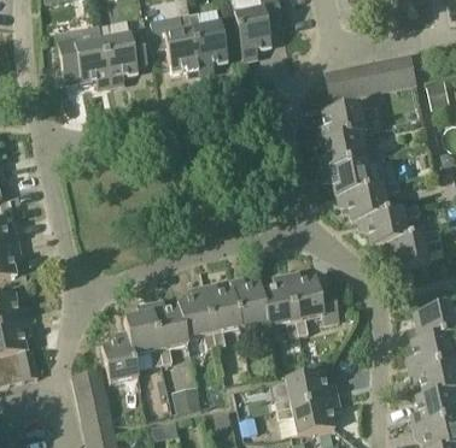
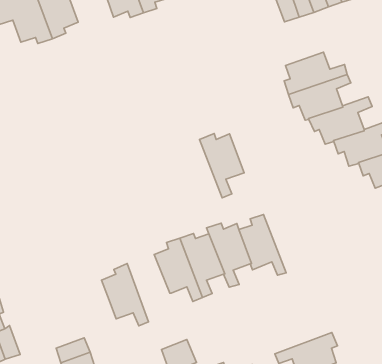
building: [321,101,382,141] -> none
building: [286,273,323,335] -> [200,134,244,198]
building: [151,302,189,362] -> none
building: [101,332,138,382] -> none
building: [275,370,334,409] -> none

